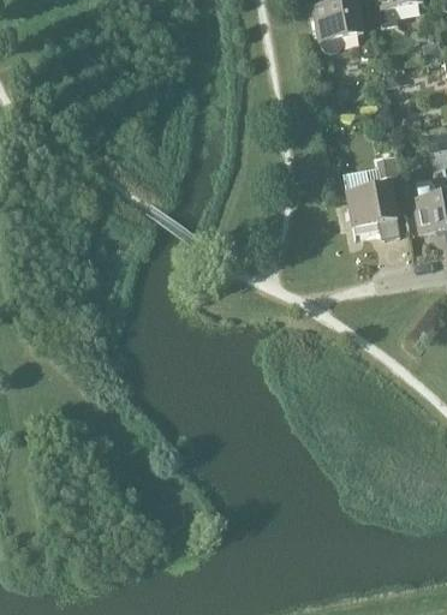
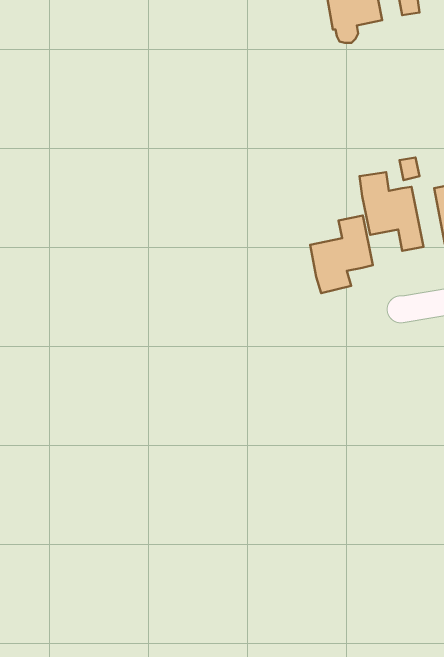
building: none -> [310,216,373,293]

